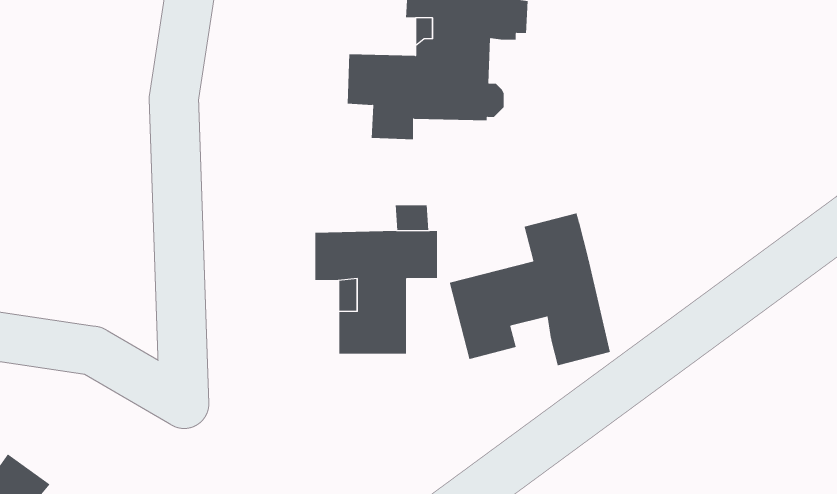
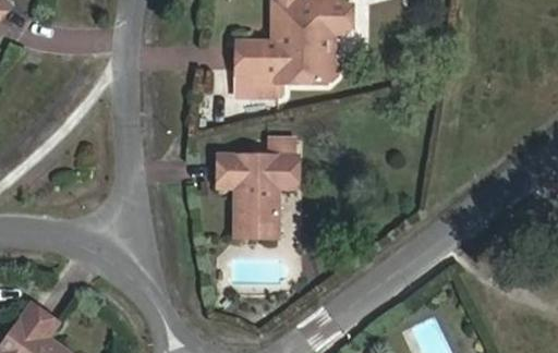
building: [449,212,611,366] -> none

